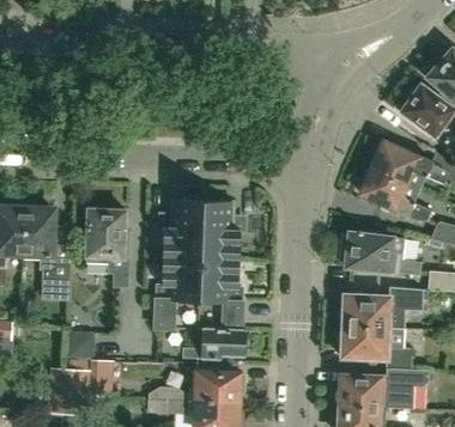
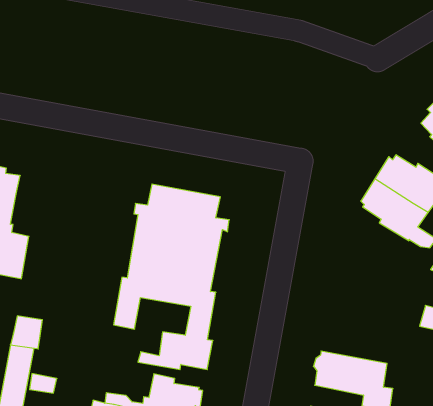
building: [85,206,129,288] -> none
building: [338,230,419,274] -> none
building: [339,286,424,328] -> none

